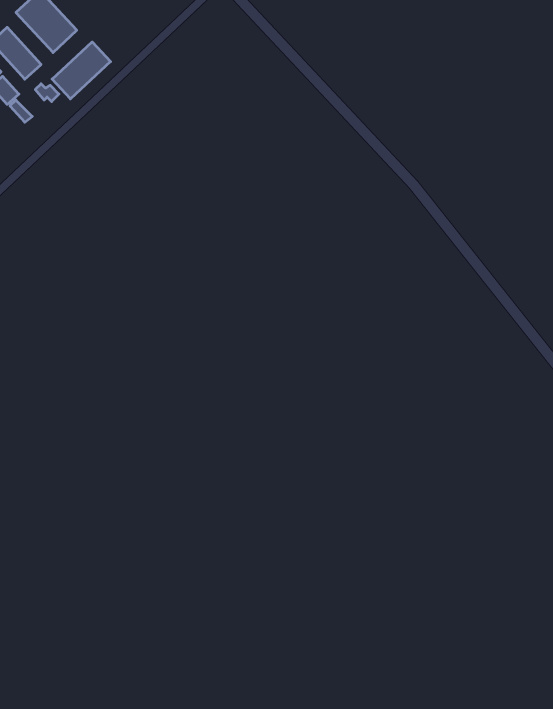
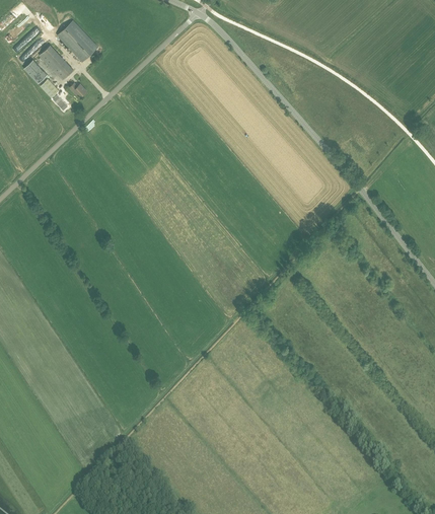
building: [52,42,111,99] -> none

